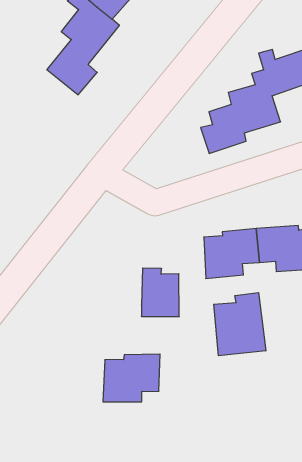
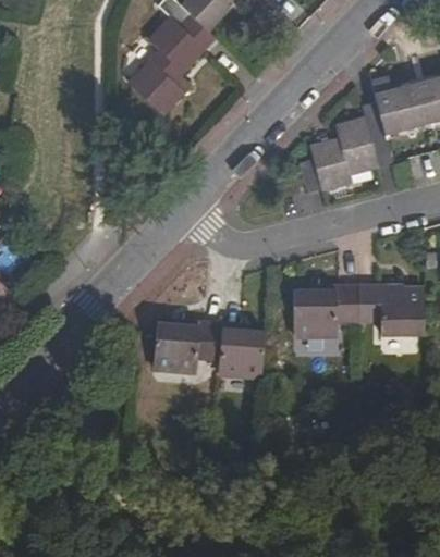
building: [214,293,266,356] -> none
building: [103,354,160,402] -> [154,318,223,373]

